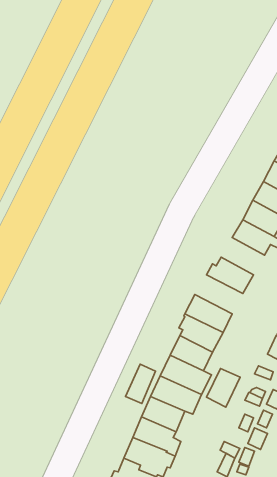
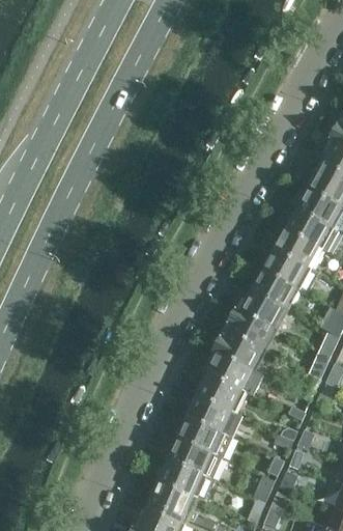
building: none -> [252,269,297,312]
building: none -> [224,308,275,350]
building: [126,364,155,404] -> none
building: [207,369,240,407] -> none

